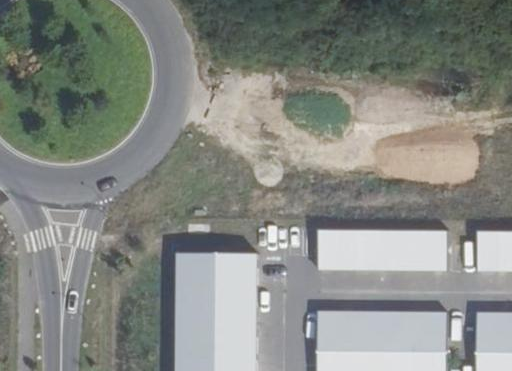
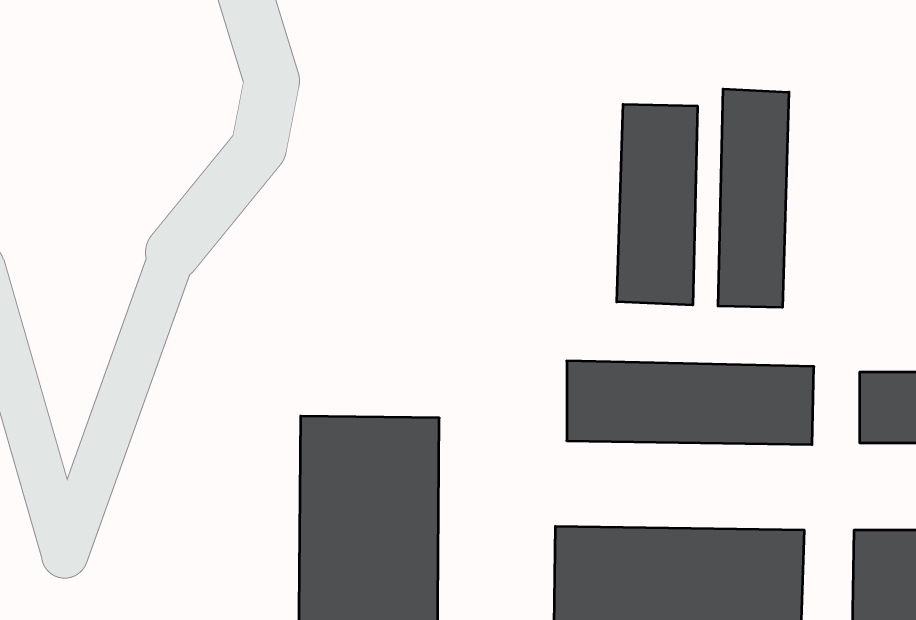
building: none -> [718,89,789,307]
building: none -> [617,104,697,305]

